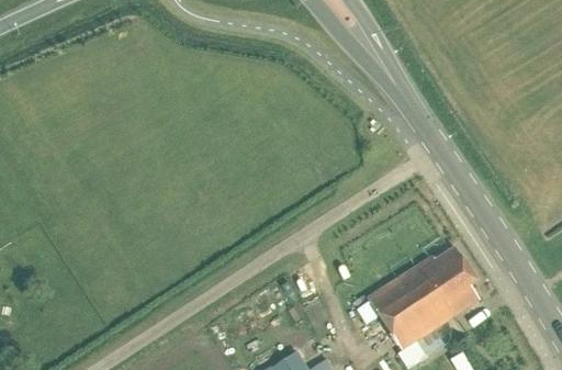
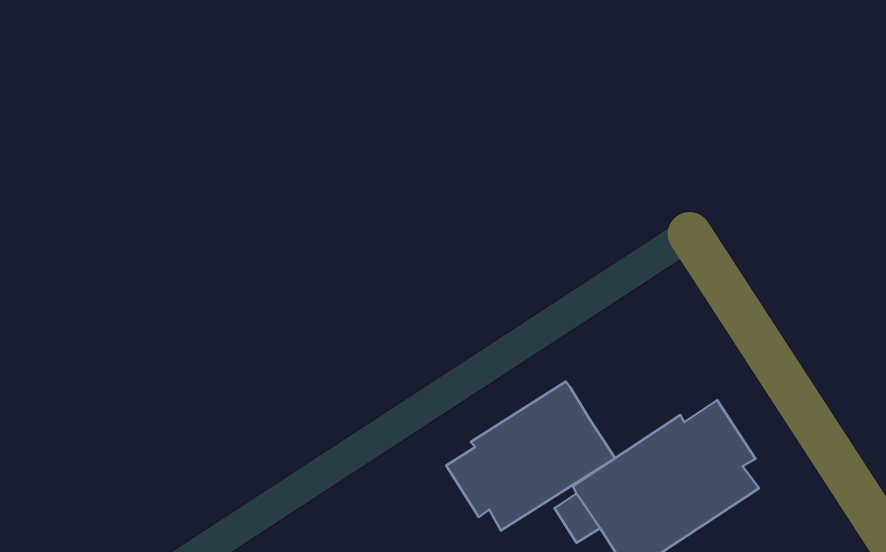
building: none -> [446,382,615,530]

